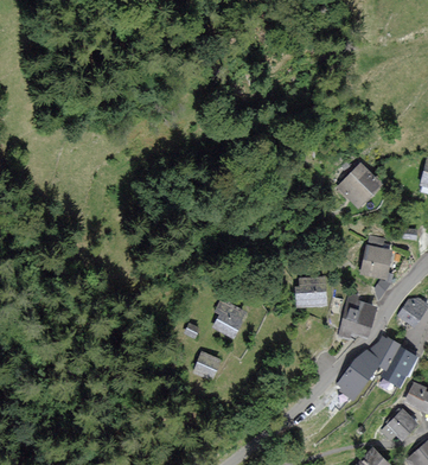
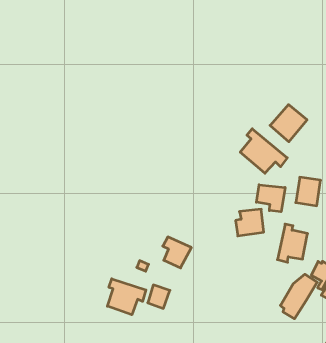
building: none -> [240,129,287,173]
building: none -> [256,185,285,212]
building: none -> [107,279,146,315]

